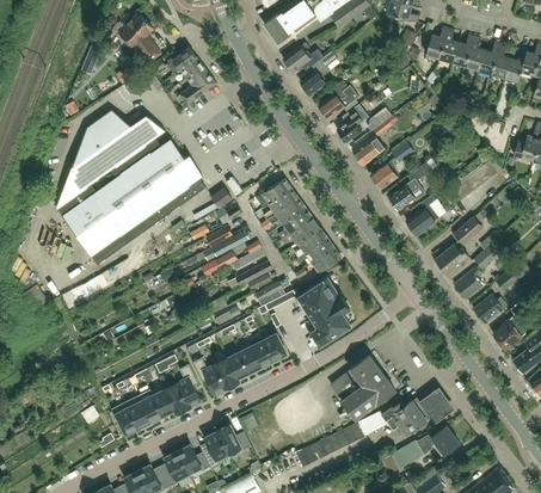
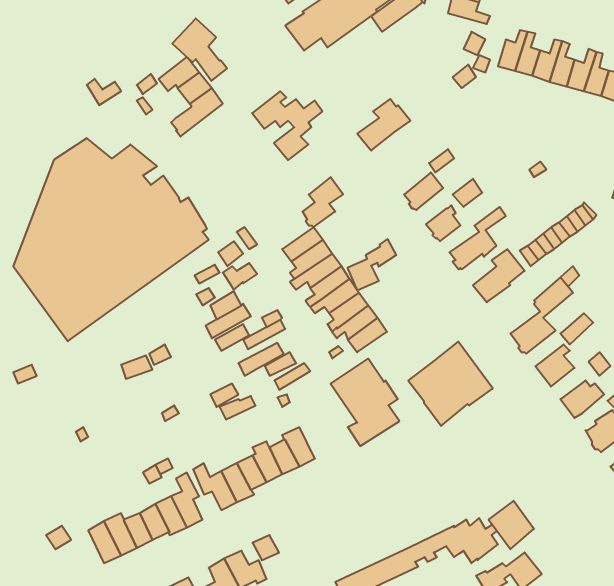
building: [119,14,161,62] -> [172,18,227,81]
building: [284,43,338,95] -> [252,91,322,160]
building: [338,104,369,142] -> [302,177,343,227]
building: none -> [348,239,396,291]
building: [331,355,395,419] -> [408,342,493,426]

